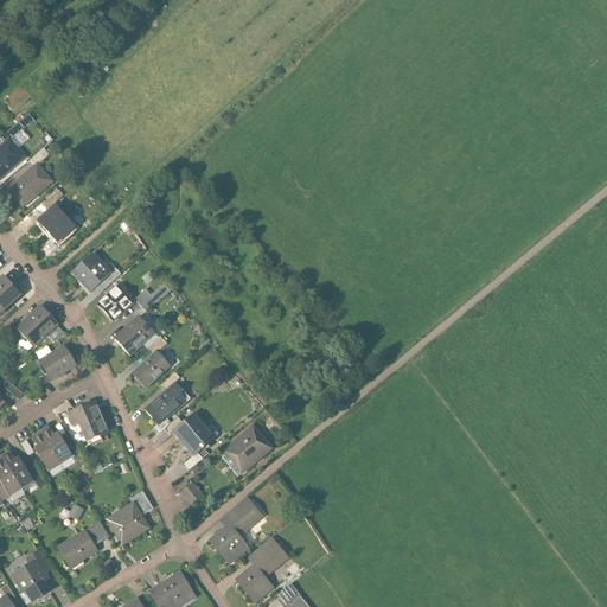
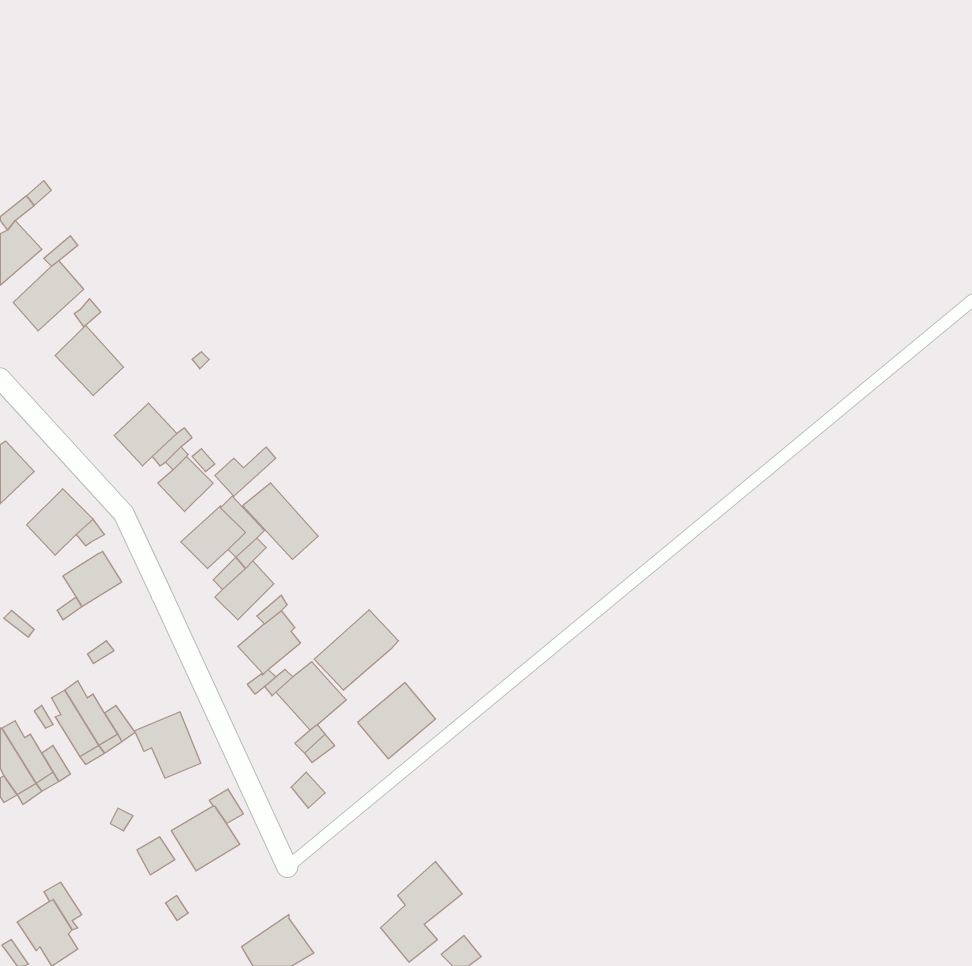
building: none -> [243,483,318,559]
building: none -> [314,610,399,690]
building: [69,401,110,442] -> [134,712,201,778]
building: [211,494,264,561] -> none
building: [60,530,97,568] -> none

